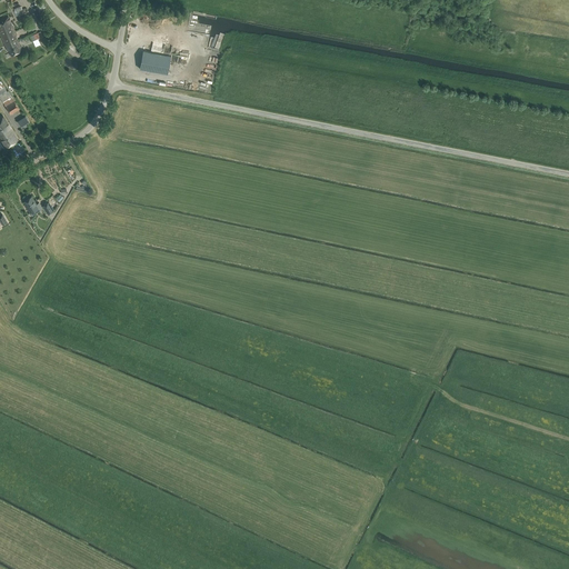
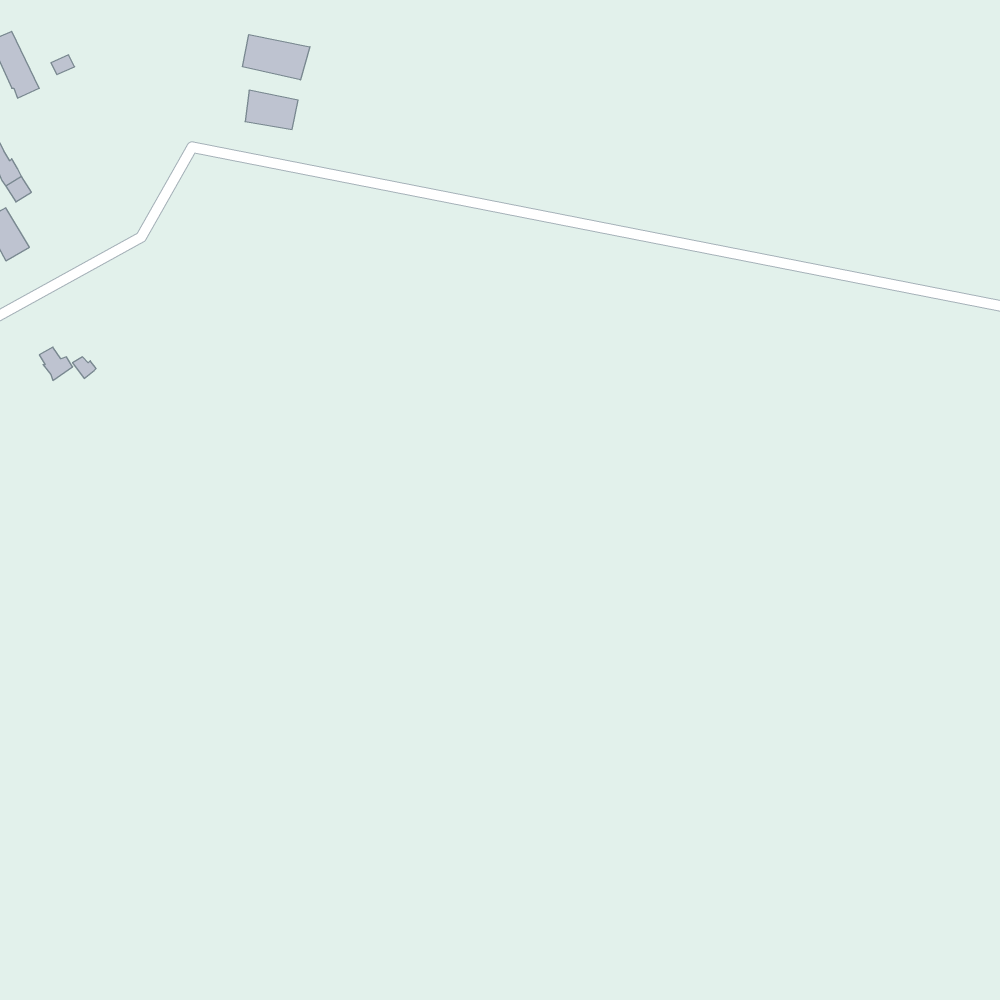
building: none -> [243,35,310,80]

